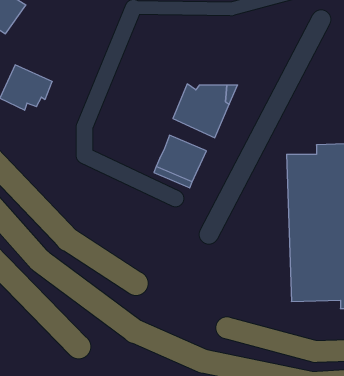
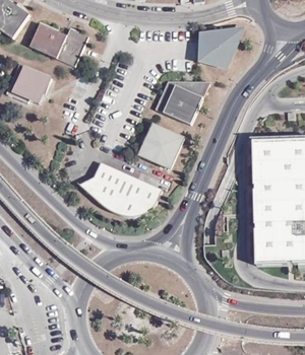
building: none -> [34,26,88,67]
building: none -> [202,30,243,69]
building: none -> [78,163,163,219]

